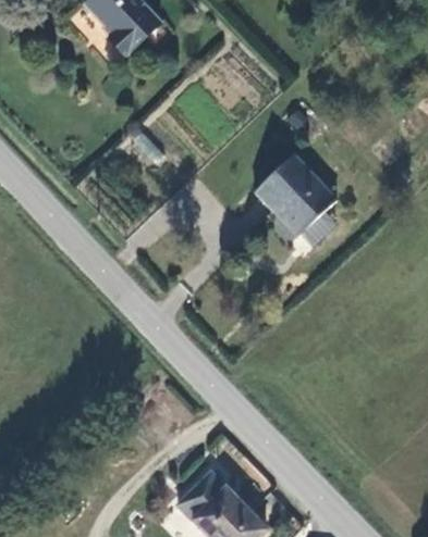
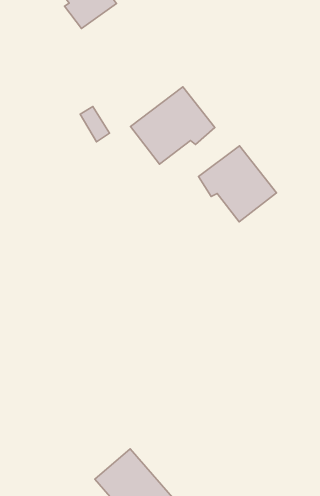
building: none -> [130,87,215,164]

